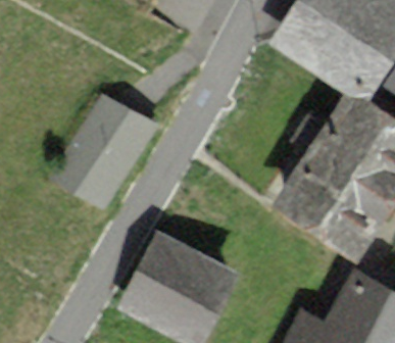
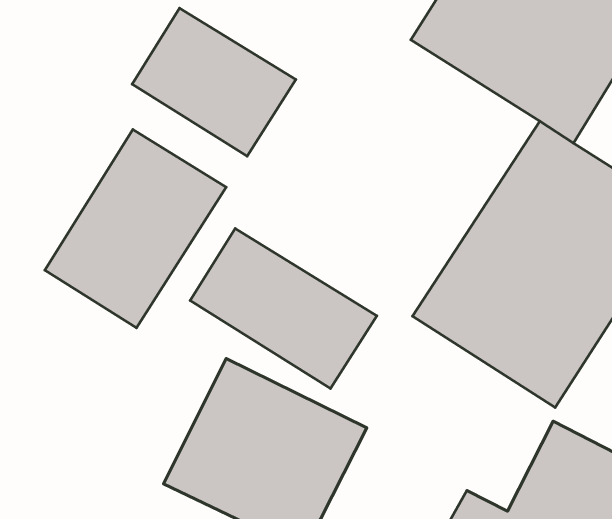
building: none -> [132,8,296,156]
building: none -> [190,228,377,388]

